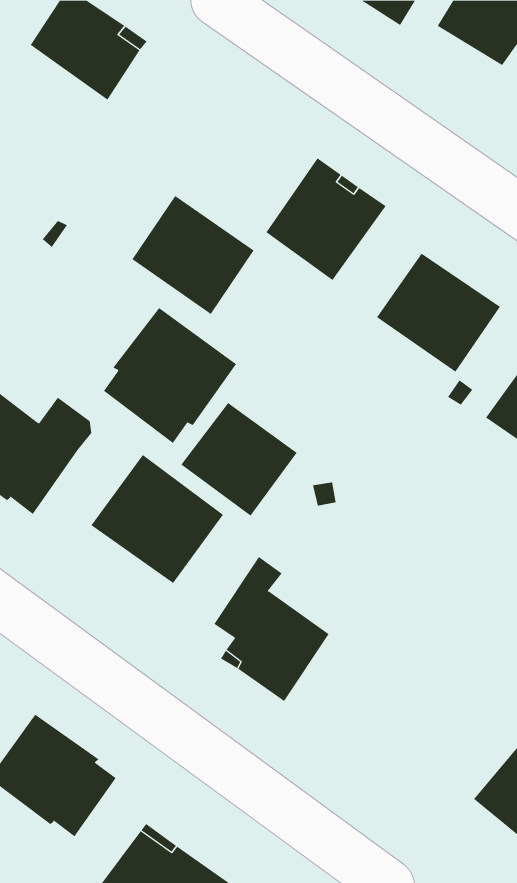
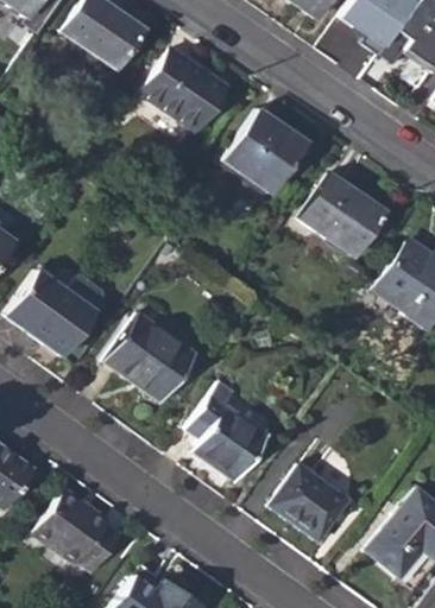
building: [132,195,255,315] -> [143,49,227,131]
building: [103,307,237,444] -> none
building: [180,402,297,517] -> none
building: none -> [271,463,349,540]

